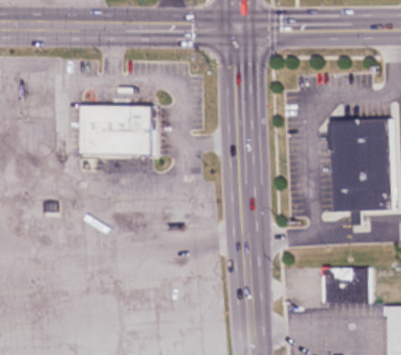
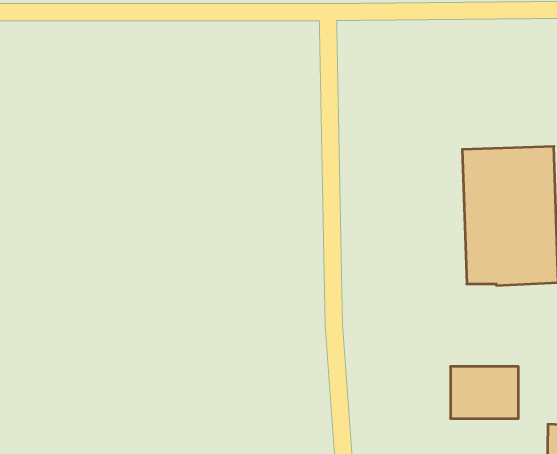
building: [80,105,152,156] -> none

